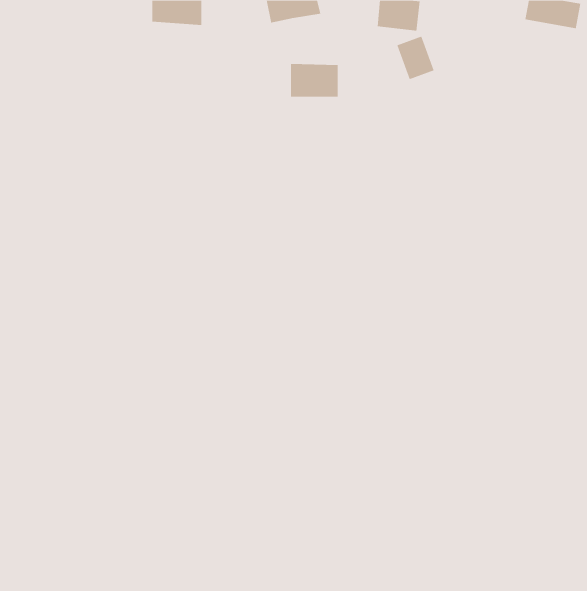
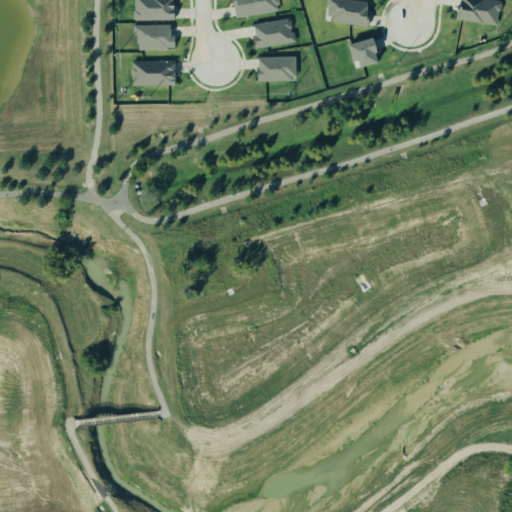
building: none -> [255,12,296,46]
building: none -> [138,21,171,49]
building: none -> [130,57,179,89]

